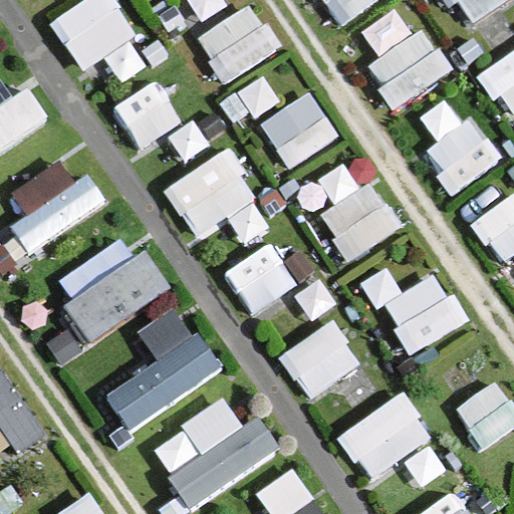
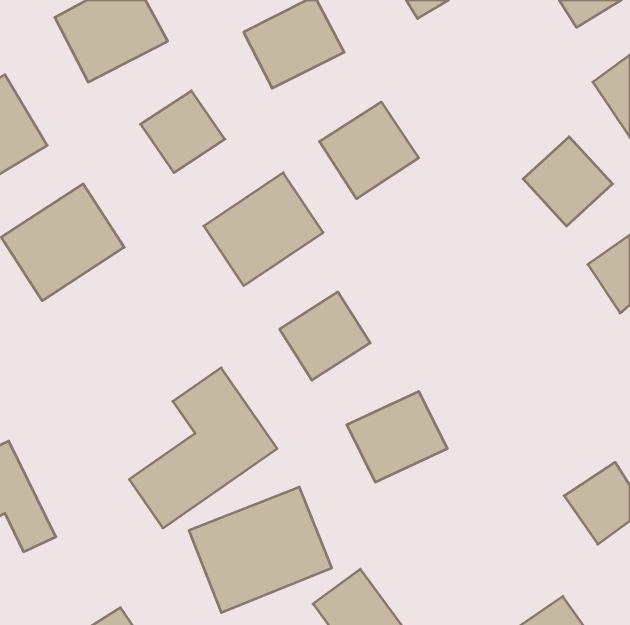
building: [369,34,447,101] -> none
building: [320,183,401,261] -> none
building: [64,253,172,342] -> none
building: [383,275,466,353] -> none
building: [338,395,434,481] -> none

